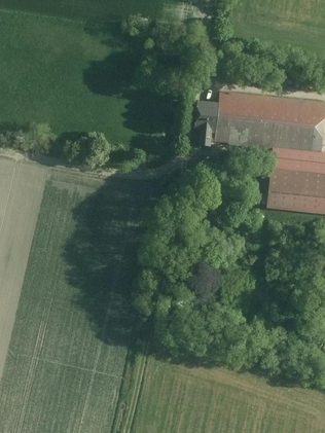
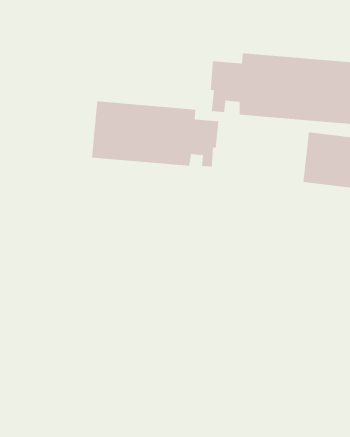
building: none -> [91,101,219,167]

